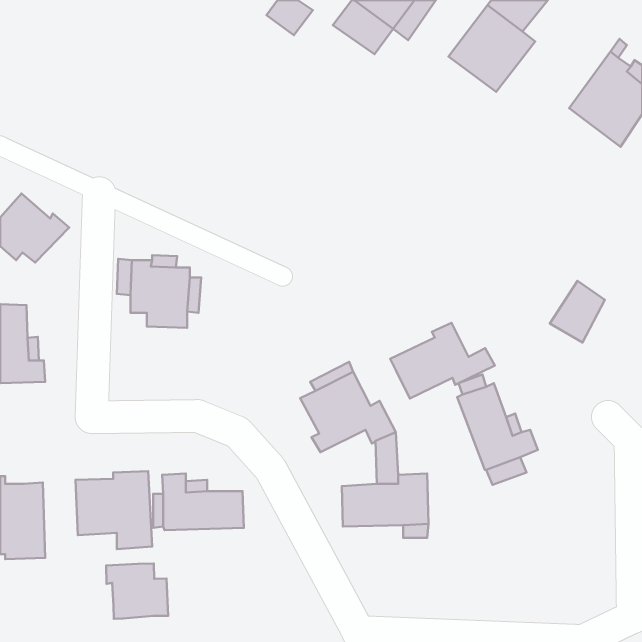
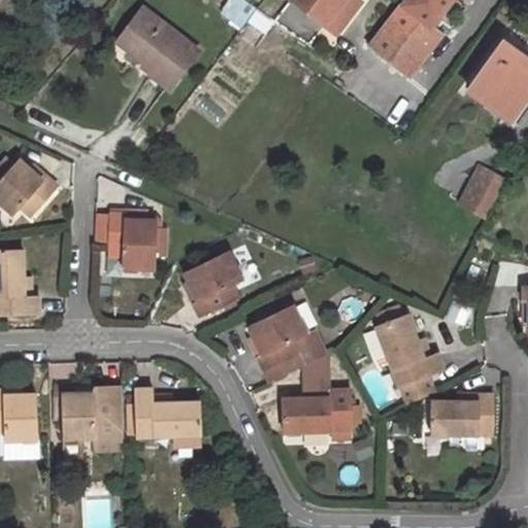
building: none -> [118,8,197,88]
building: [550,281,605,342] -> [459,167,504,218]
building: none -> [184,252,240,318]
building: [390,323,495,399] -> none
building: none -> [429,394,492,433]
building: [106,564,168,619] -> none

